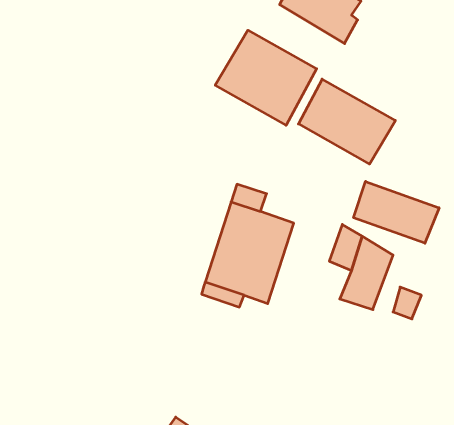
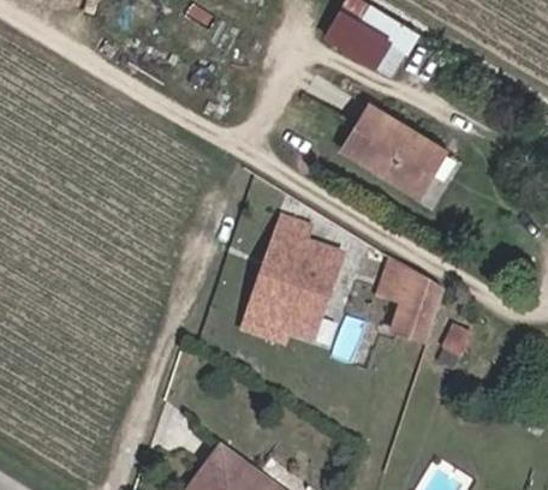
building: [215,30,317,125] -> none
building: [354,181,439,243] -> none

